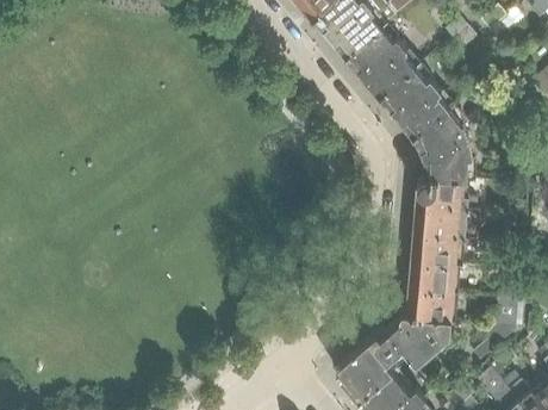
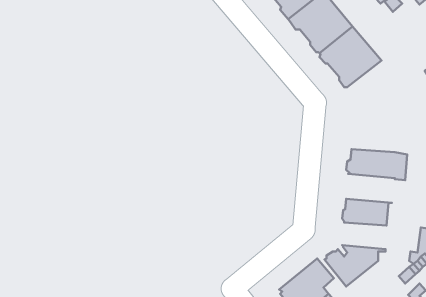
building: [412,107,475,181] -> none
building: [415,182,469,213] -> none
building: [409,238,479,272] -> none
building: [405,294,457,325] -> none

